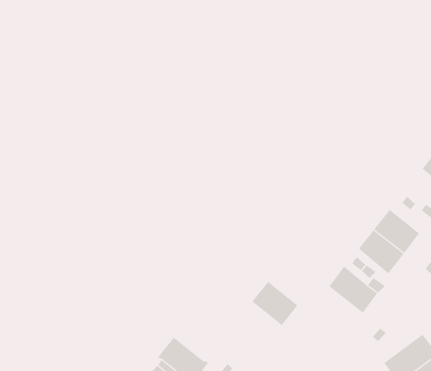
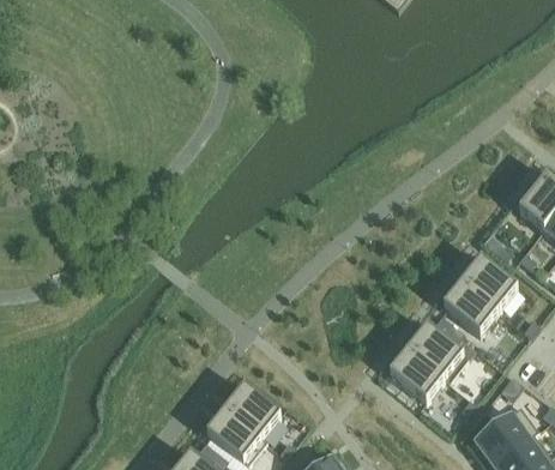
building: [252,281,298,326] -> [391,348,446,400]
building: none -> [227,384,282,436]

